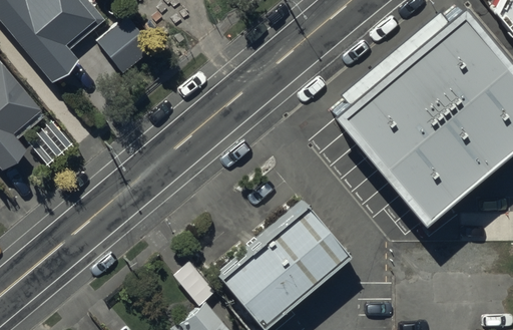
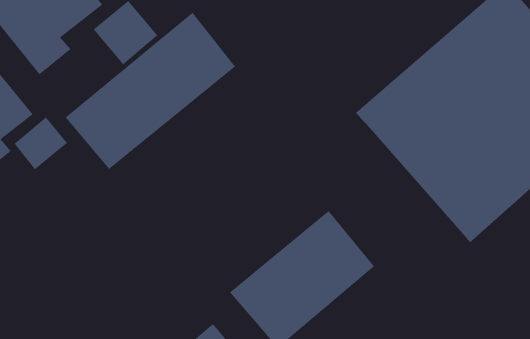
building: none -> [65,12,236,170]

